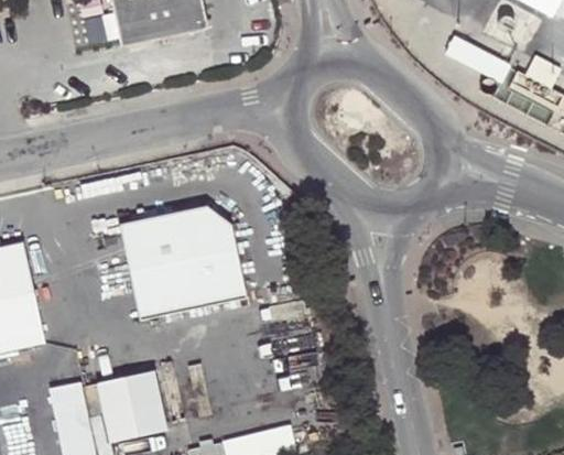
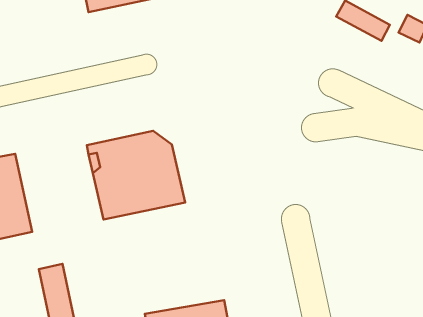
building: [97,364,166,435] -> none

